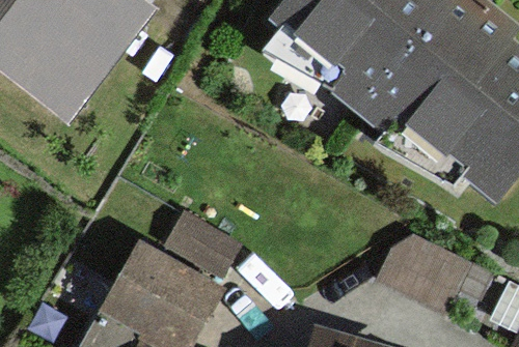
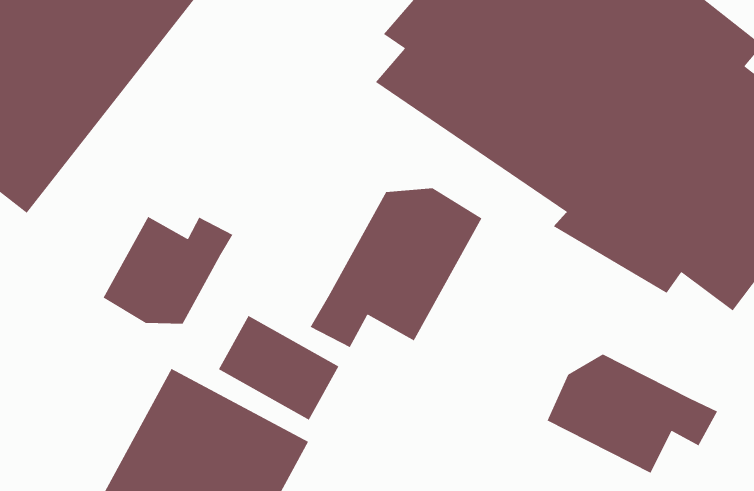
building: none -> [309,188,482,348]
building: none -> [103,216,234,325]

